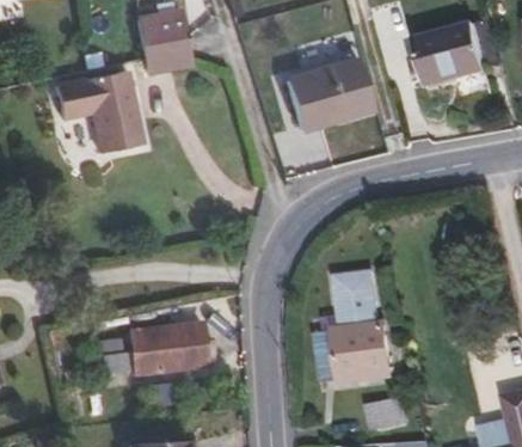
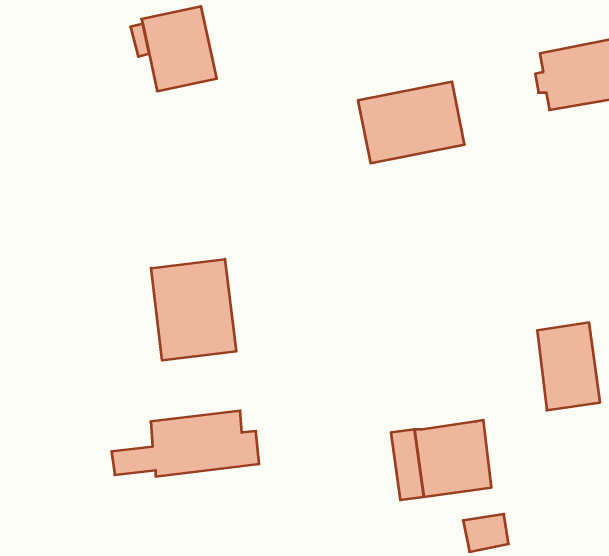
building: [41,78,130,160] -> none
building: none -> [151,259,236,360]
building: [330,267,377,333] -> [537,323,600,410]

